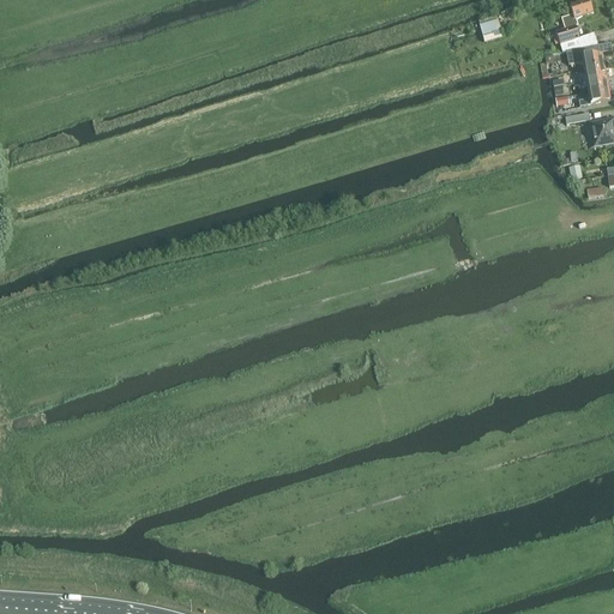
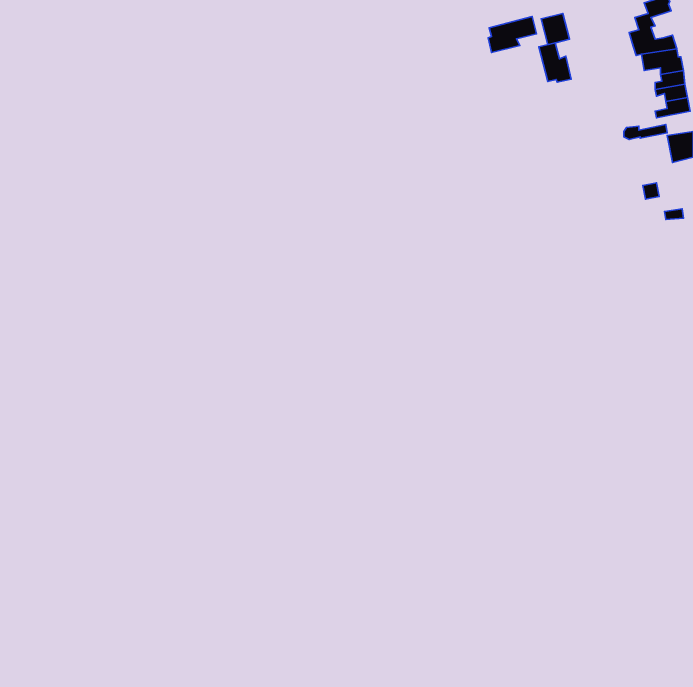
building: none -> [488,17,537,52]
building: none -> [539,43,571,82]

